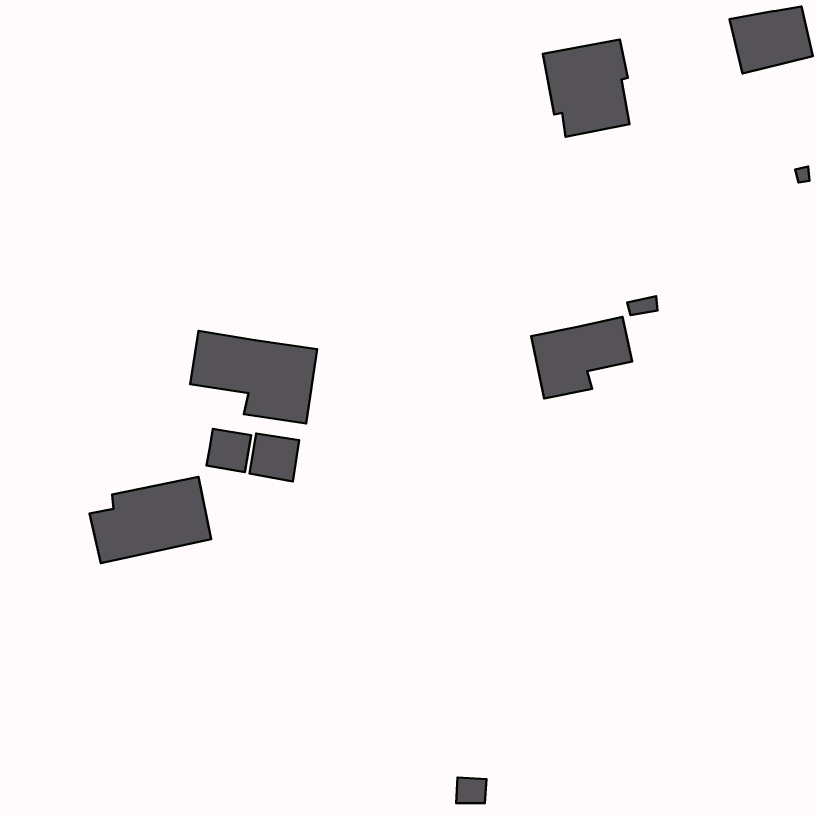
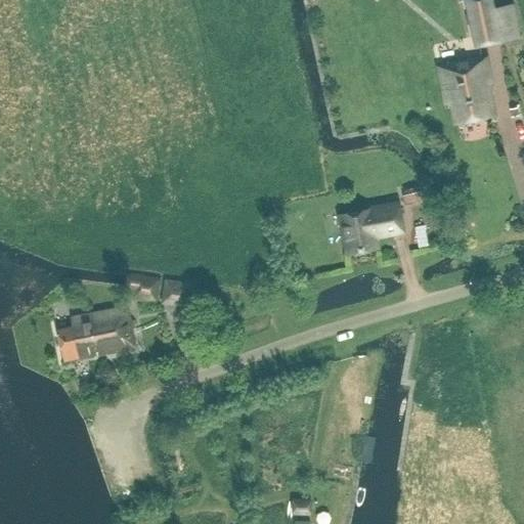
building: [543,39,629,137] -> [438,57,493,120]
building: [190,331,317,423] -> none

